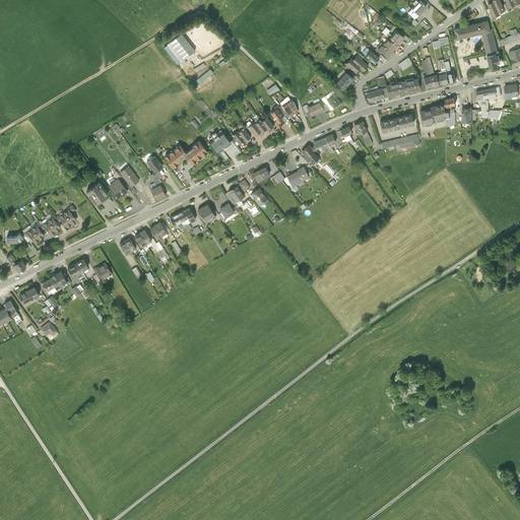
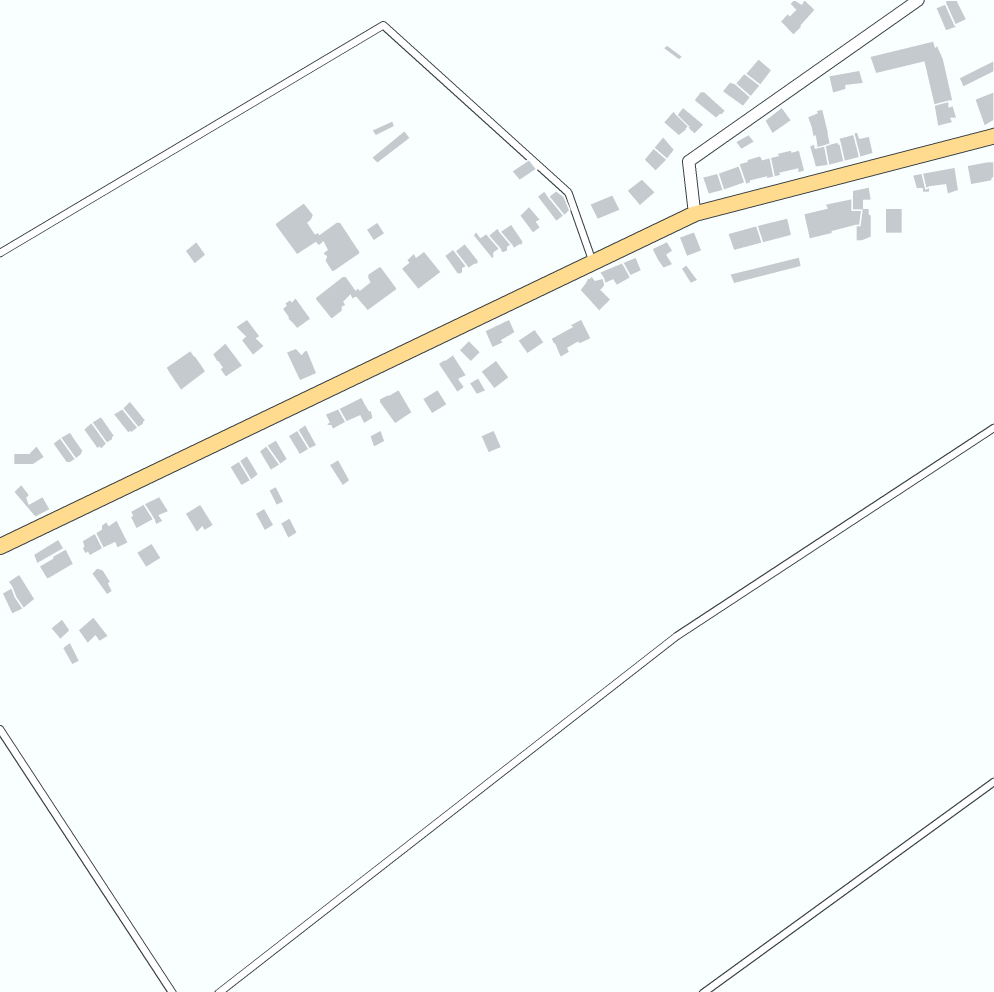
building: [167,35,195,67] -> none
building: none -> [275,203,361,272]

